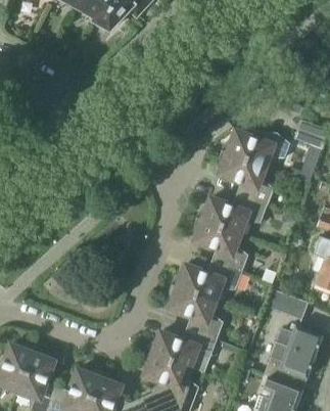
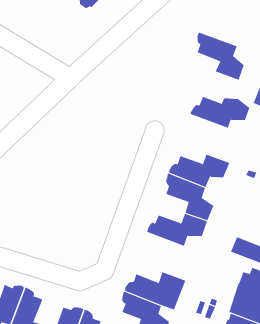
building: [220,150,274,205] -> [197,32,245,80]
building: [170,284,224,339] -> none

